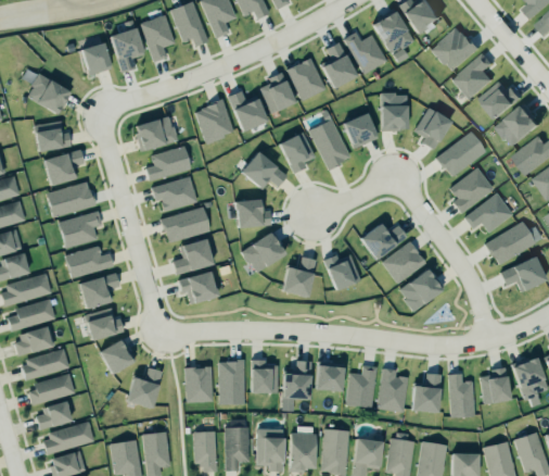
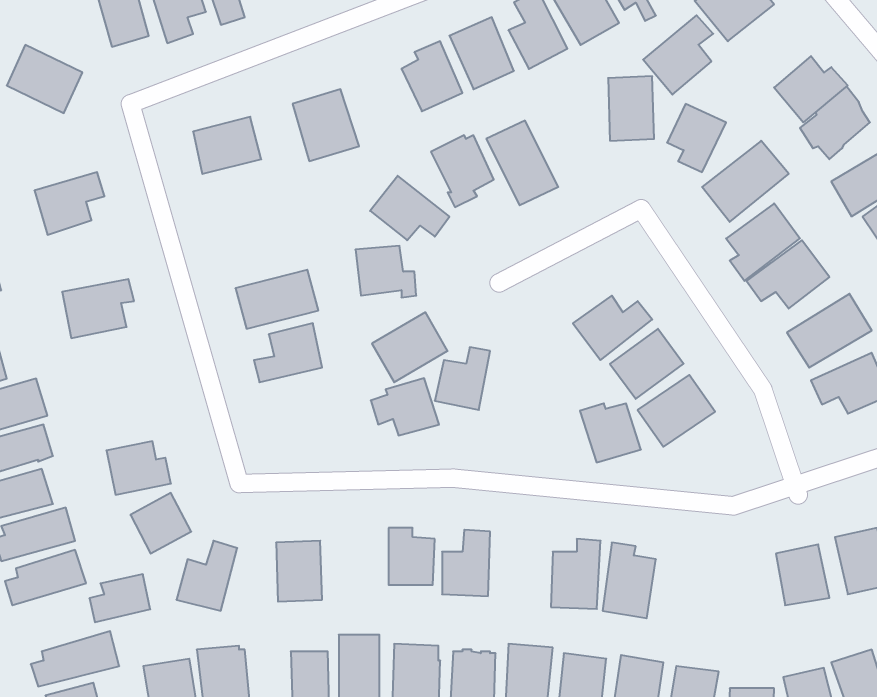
building: [452,54,494,101] -> [643,15,713,95]
building: [228,90,268,133] -> none
building: [341,108,376,147] -> none
building: [35,123,71,151] -> none
building: [143,143,189,179] -> none
building: [152,177,197,212] -> none
building: [47,183,95,217] -> none
building: [64,243,112,276] -> none
building: [324,255,360,290] -> [580,403,641,462]
building: [176,265,216,299] -> [371,378,439,435]
building: [79,274,119,310] -> none
building: [219,361,245,405] -> none
building: [316,366,343,391] -> none
building: [409,371,439,409] -> none
building: [449,374,474,418] -> none
building: [36,402,72,430] -> [89,574,150,622]

